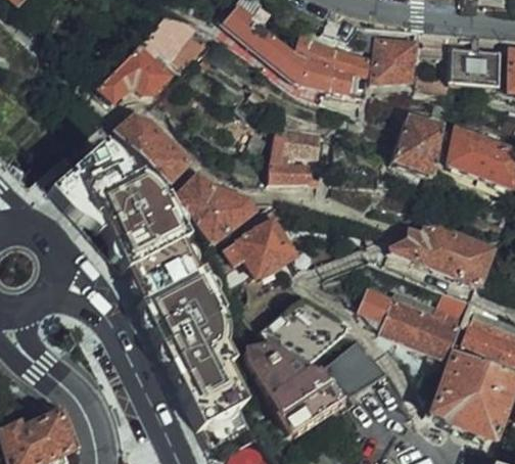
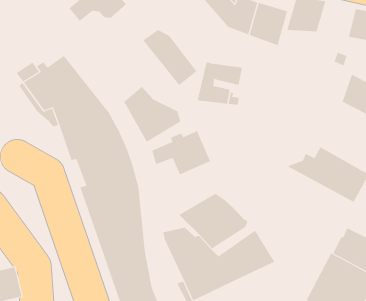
building: [116,115,188,182] -> [142,30,197,86]
building: [390,115,444,177] -> none
building: [361,291,474,360] -> none

